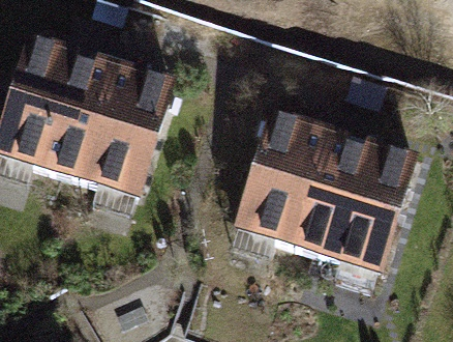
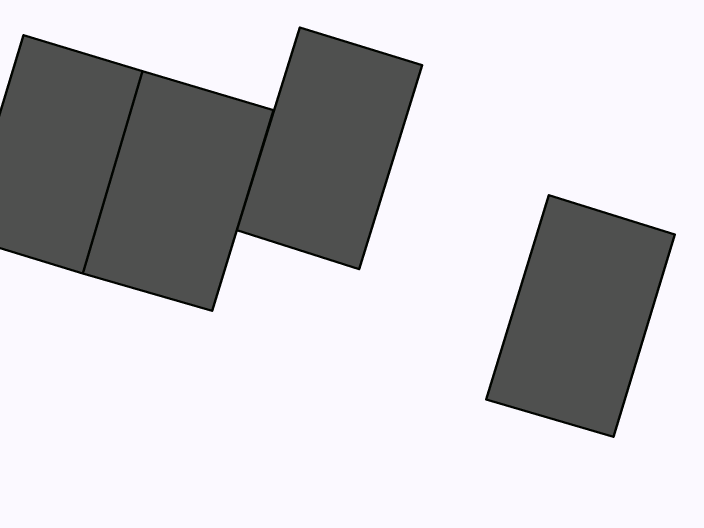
building: [230,110,342,257] -> [237,28,422,269]

